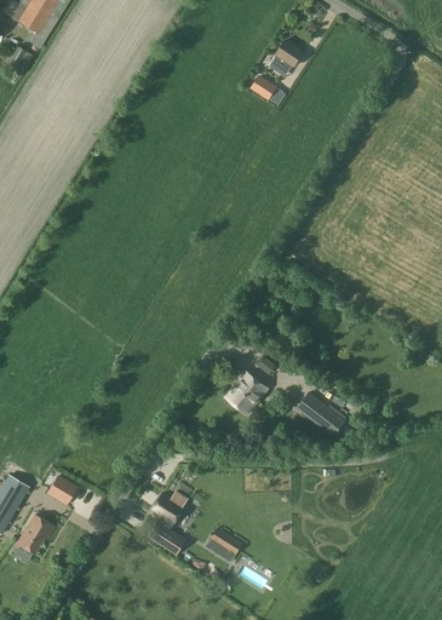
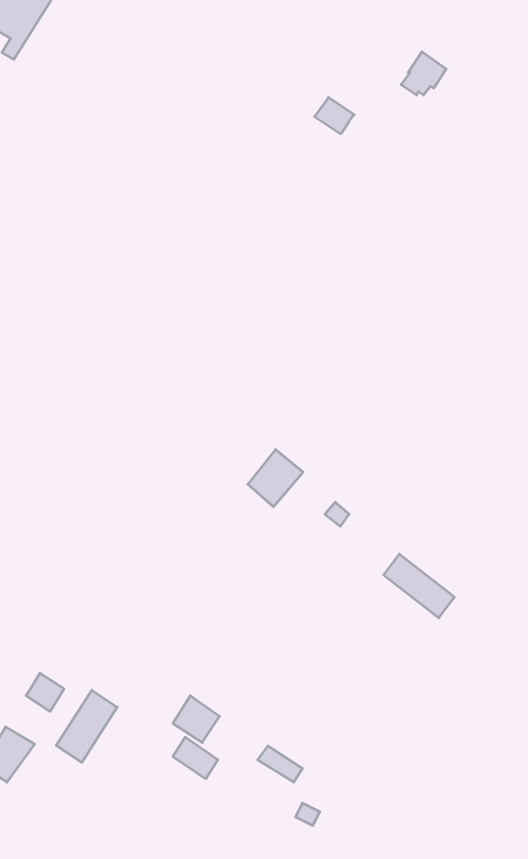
building: [271,40,303,70] -> [401,52,446,95]
building: [228,373,266,413] -> [248,450,303,507]
building: none -> [56,690,117,762]

